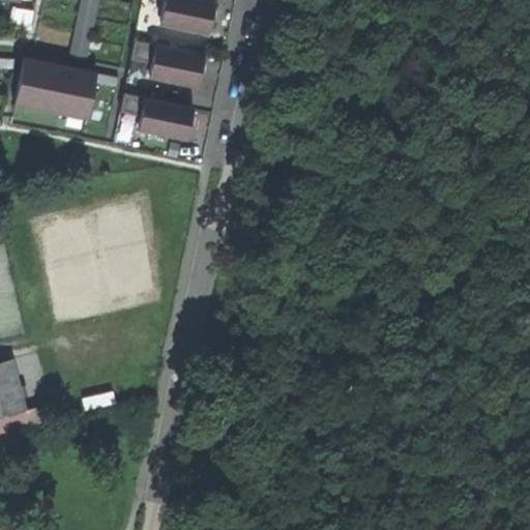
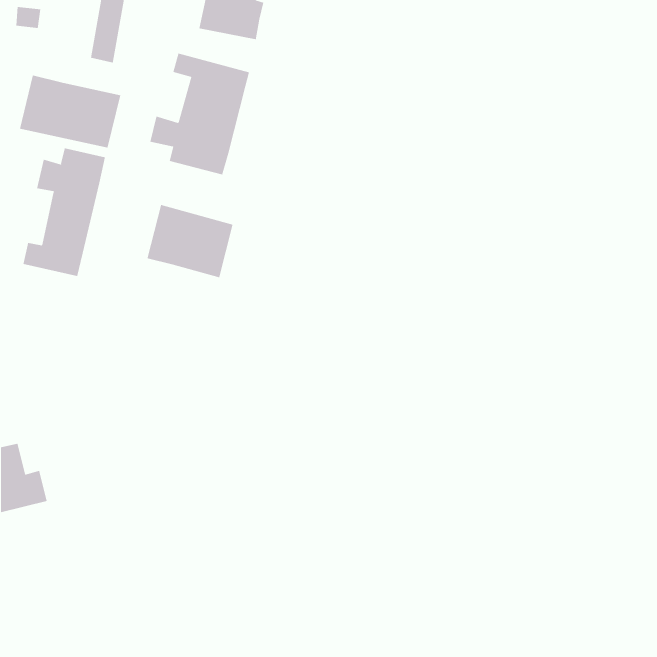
building: none -> [23,147,105,277]
building: none -> [147,204,233,278]

